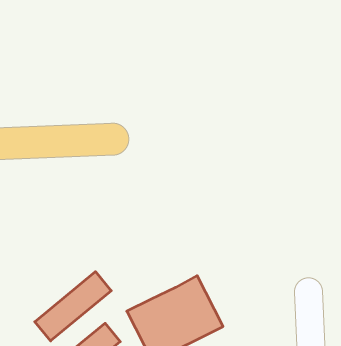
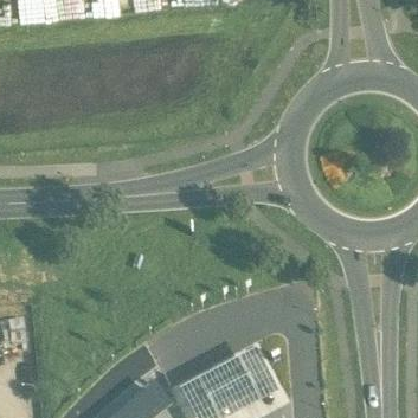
building: [35,272,111,341] -> none

